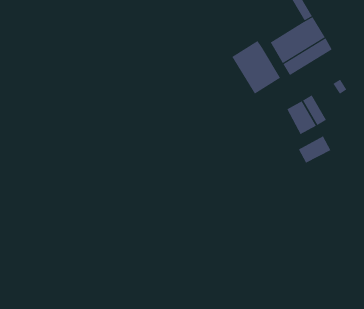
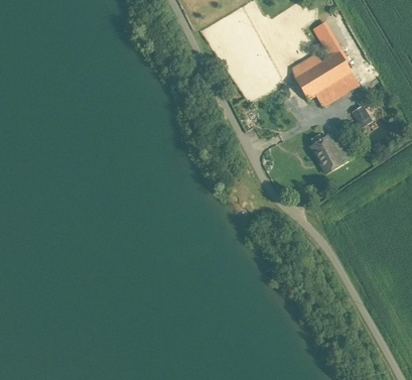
building: [232,40,281,95] -> none
building: [298,136,331,164] -> none

